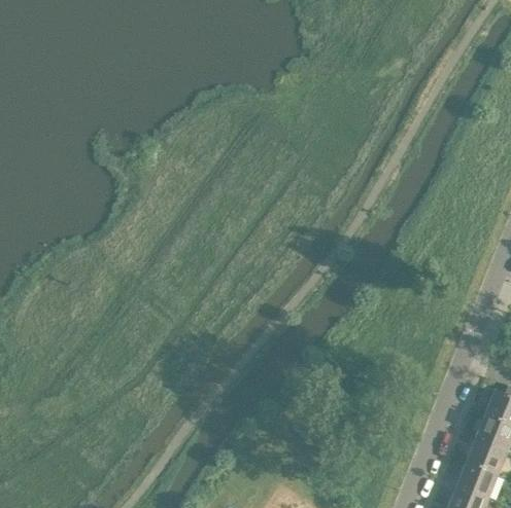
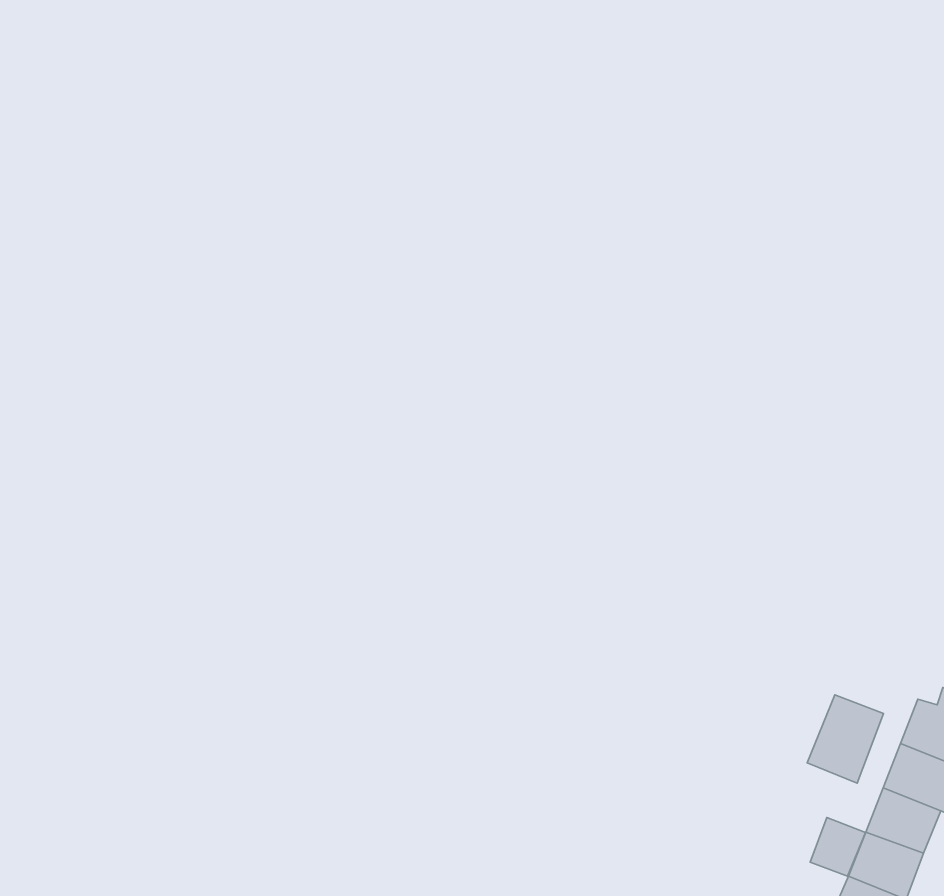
building: none -> [807,695,883,783]
building: none -> [810,818,866,876]

